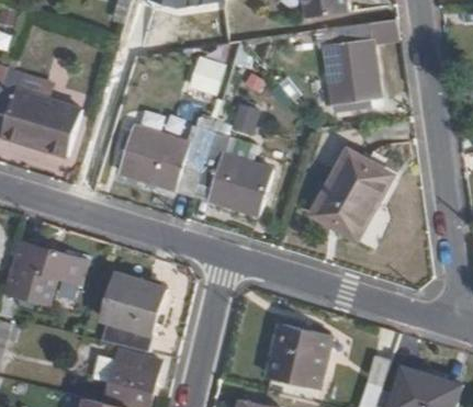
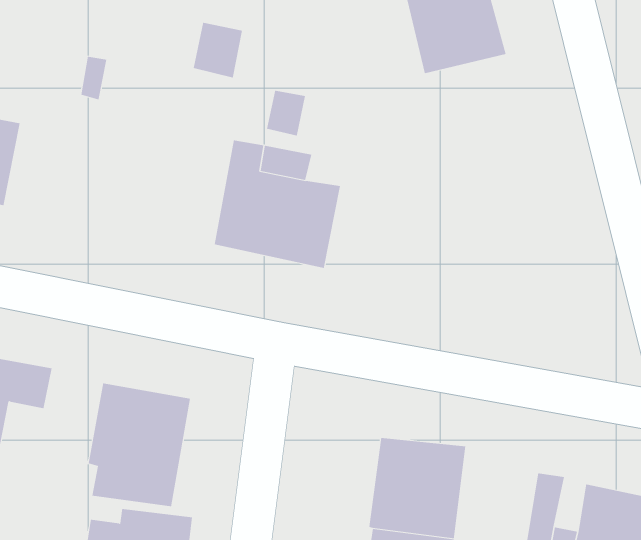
building: [117,118,213,196] -> none
building: [311,149,393,240] -> none

